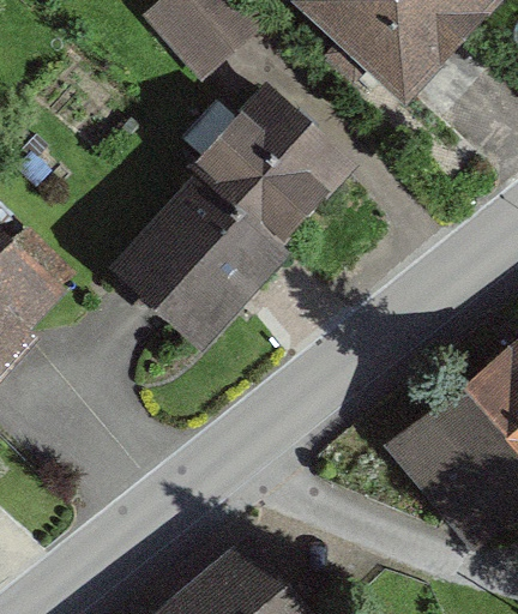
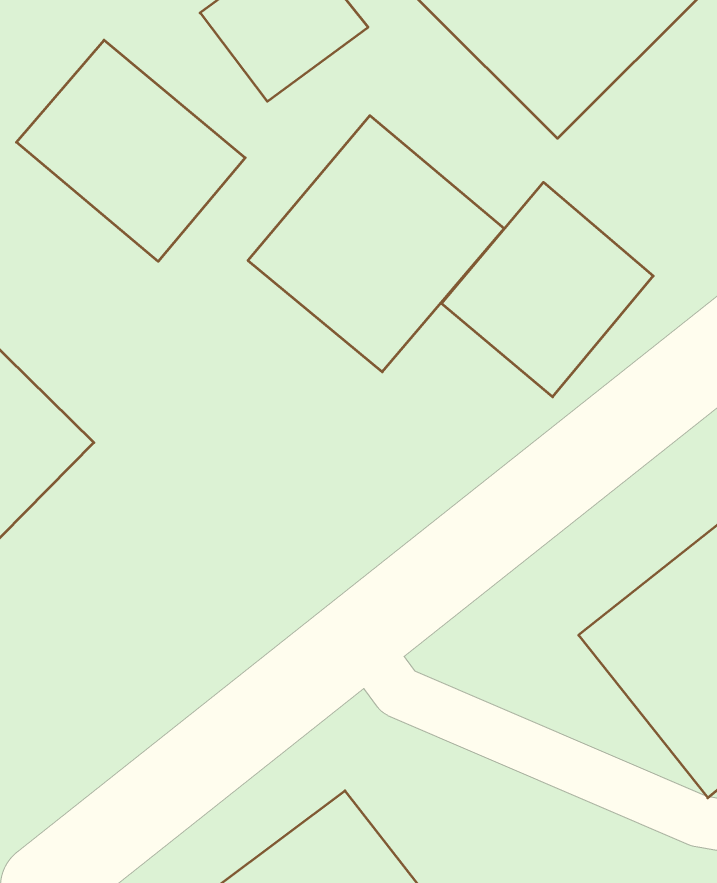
building: none -> [16,40,245,261]
building: none -> [441,182,653,397]
building: [96,182,270,356] -> none

